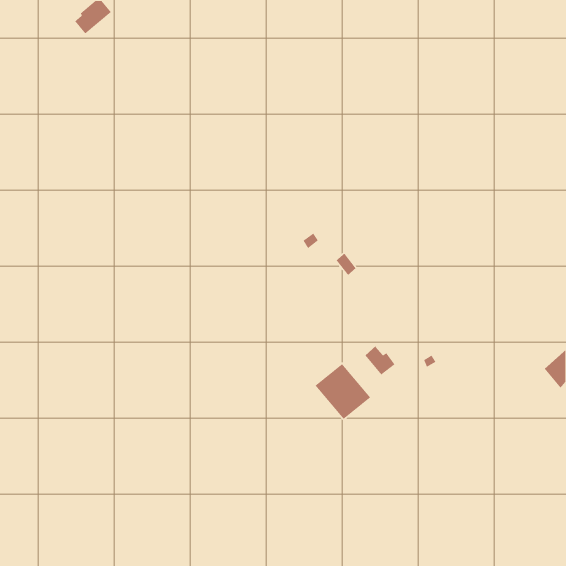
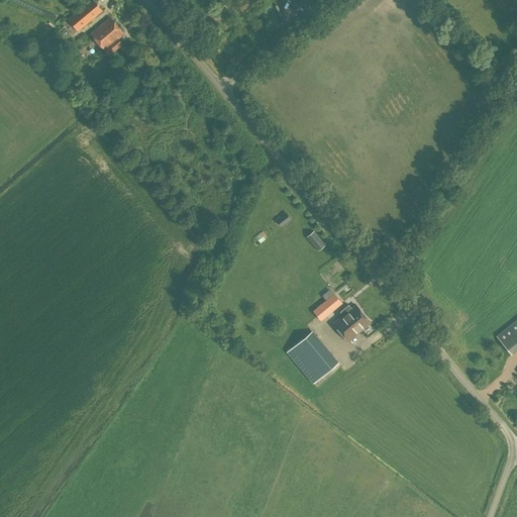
building: none -> [91,17,123,56]
building: none -> [312,289,342,321]
building: none -> [339,304,372,332]

